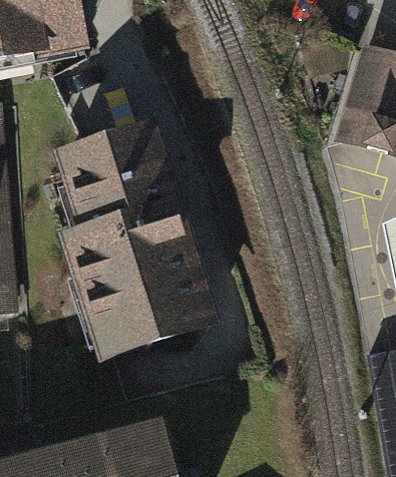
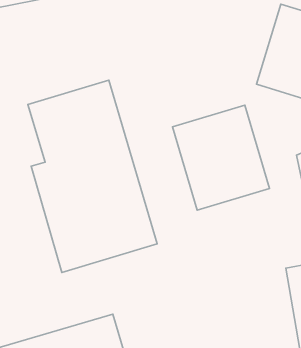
building: none -> [172,105,269,210]

